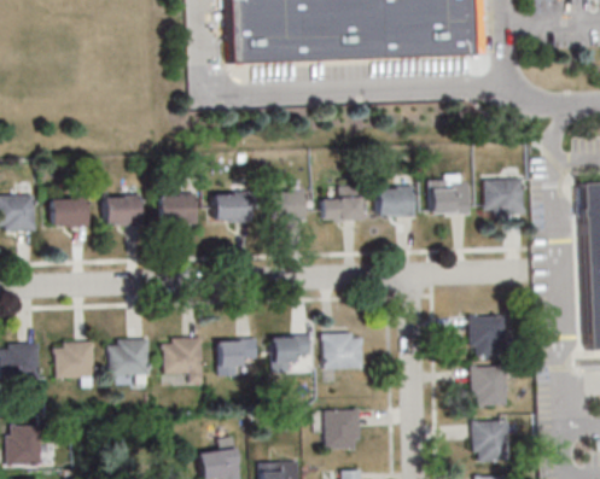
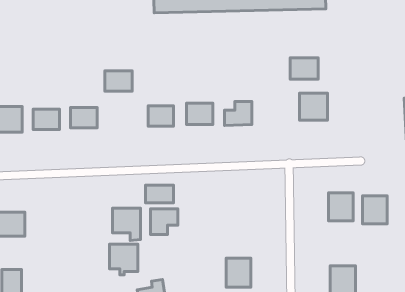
building: [484,173,523,214] -> none
building: [377,186,416,216] -> [290,58,318,79]
building: [159,193,198,222] -> [105,71,132,91]
building: [324,333,363,368] -> none
building: [272,337,311,362] -> [146,185,174,203]
building: [109,339,148,382] -> [110,244,138,275]
building: [56,341,95,386] -> none
building: [472,366,507,405] -> [363,196,387,224]

